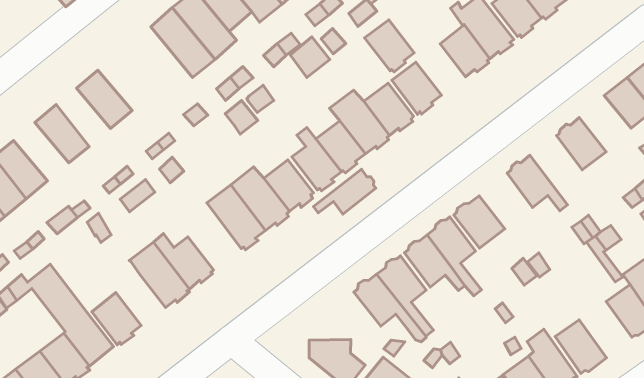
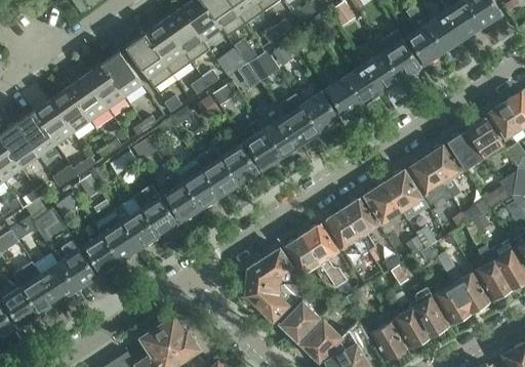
building: [365,20,414,72] -> [345,65,381,105]
building: none -> [125,34,173,88]
building: none -> [102,50,144,96]
building: none -> [68,76,108,121]
building: none -> [466,117,502,157]
building: none -> [33,99,74,145]
building: none -> [426,144,461,200]
building: [313,169,376,214] -> none
building: none -> [385,169,421,209]
building: none -> [157,171,200,221]
building: none -> [95,211,138,261]
building: none -> [437,252,489,314]
building: none -> [246,248,290,284]

